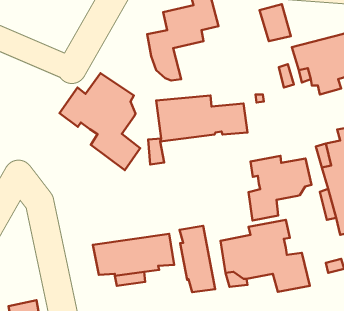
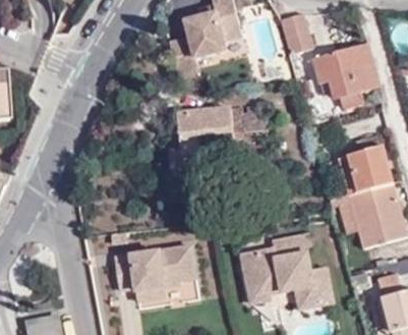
building: [59,73,140,170] -> none
building: [248,156,312,220] -> none
building: [180,226,215,292] -> none

